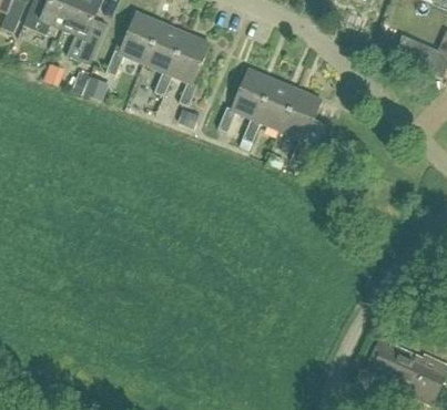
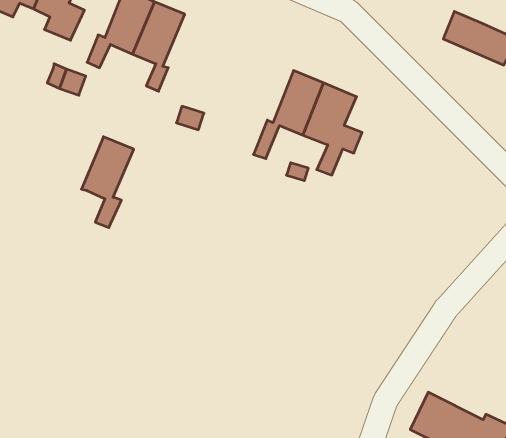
building: [166,32,209,105] -> [81,137,134,228]
building: [217,68,272,131] -> none

